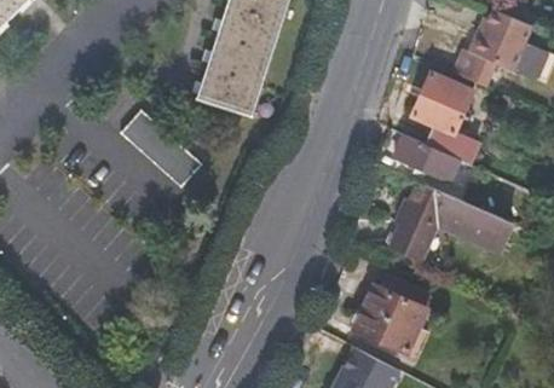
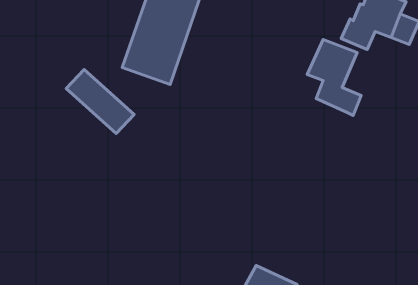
building: [393,135,462,183] -> none
building: [392,181,514,259] -> none
building: [353,274,427,352] -> none

